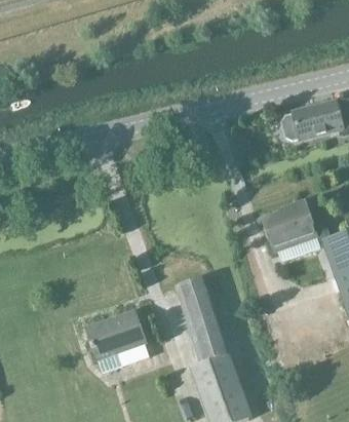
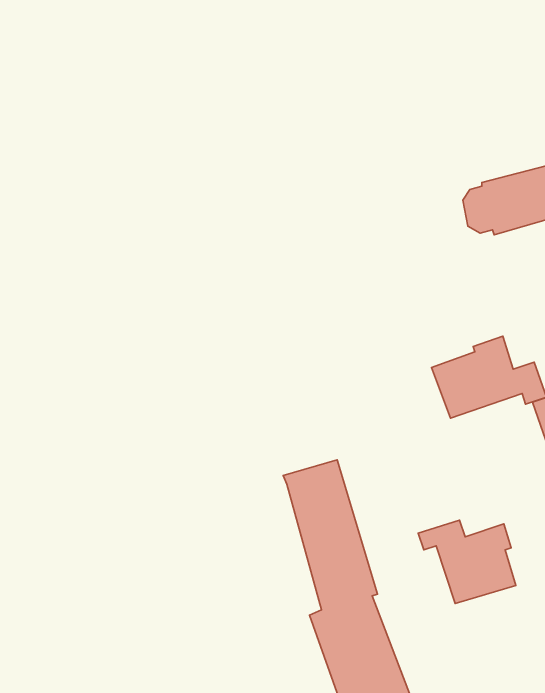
building: none -> [418,520,516,603]
building: [86,310,146,372] -> none

